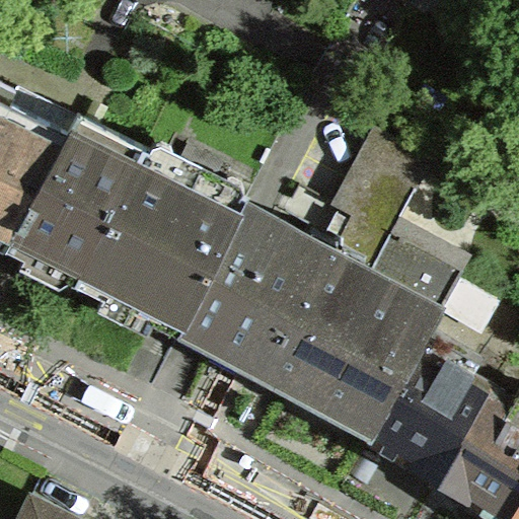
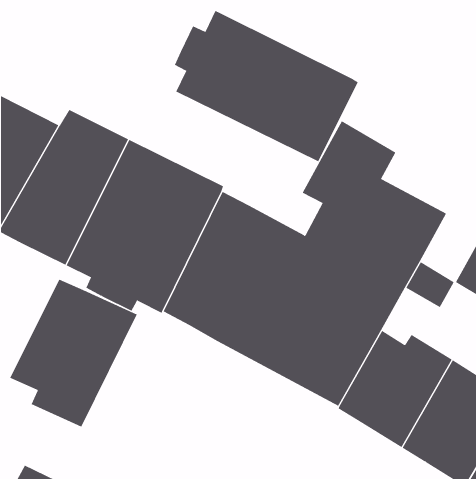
building: none -> [174,10,358,162]
building: none -> [9,279,137,427]

